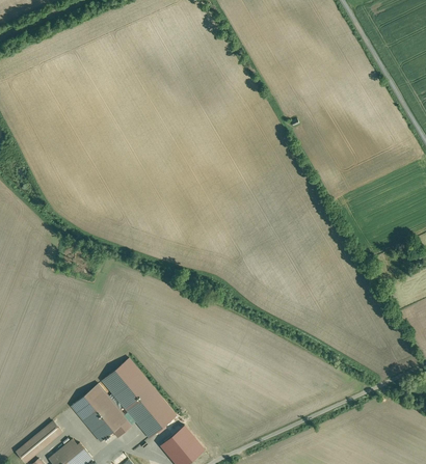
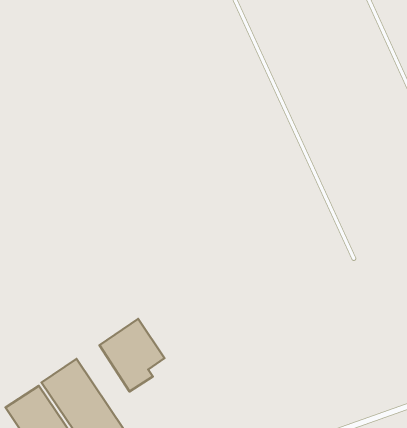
building: none -> [100,319,165,391]

